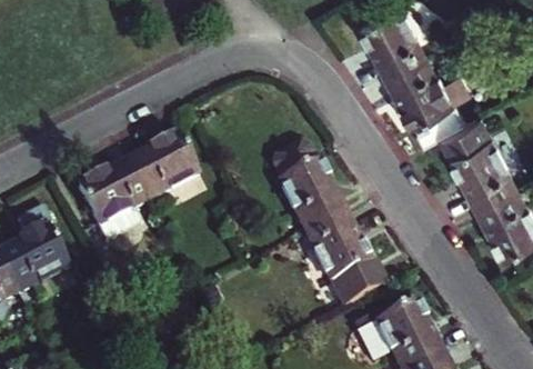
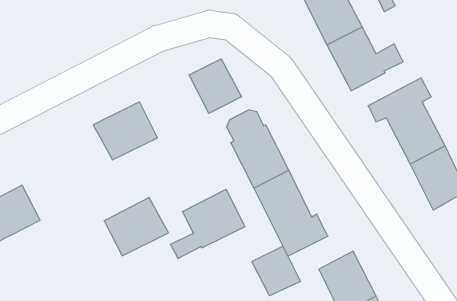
building: none -> [189,59,242,113]
building: [76,159,147,223] -> [104,198,168,256]
building: none -> [170,189,245,259]
building: none -> [252,246,300,296]

